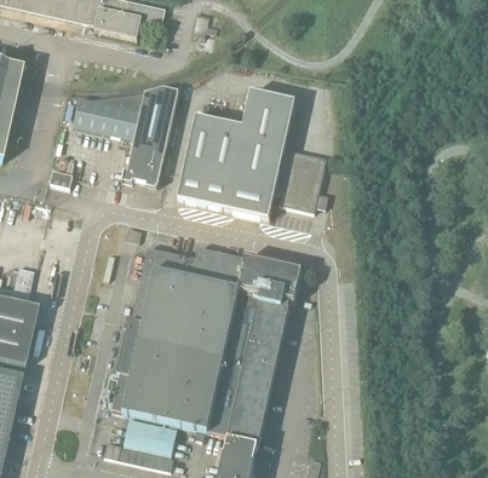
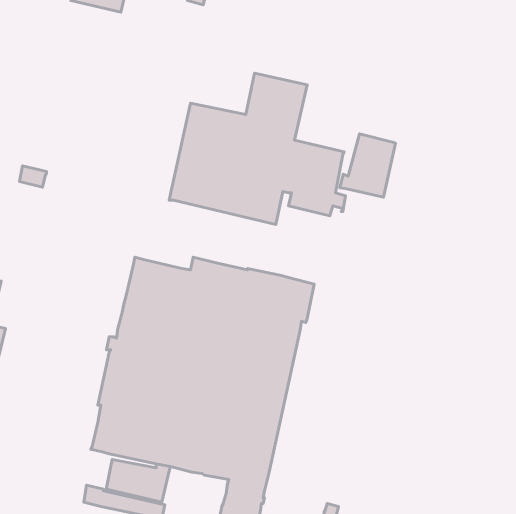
building: [73,86,178,184] -> none
building: none -> [340,134,395,197]

